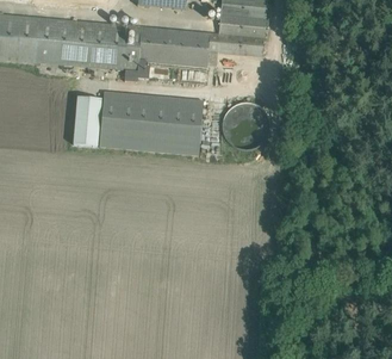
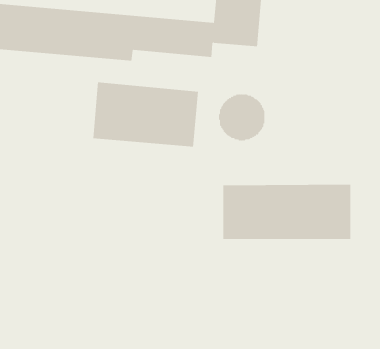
building: [73,97,100,147] -> none
building: none -> [223,184,351,240]

